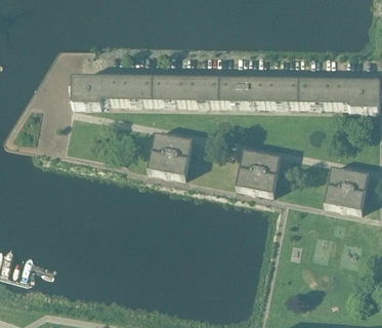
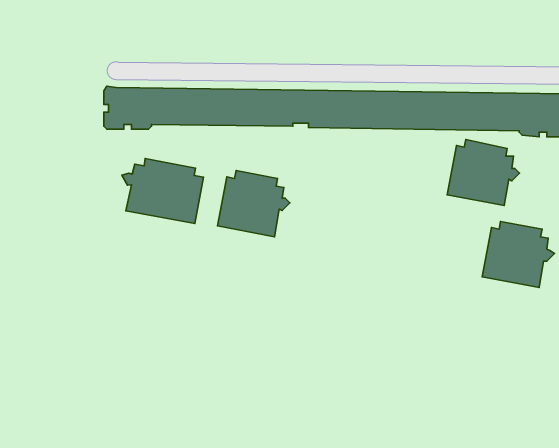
building: none -> [122,159,204,224]
building: [236,147,284,191] -> [447,139,520,205]

